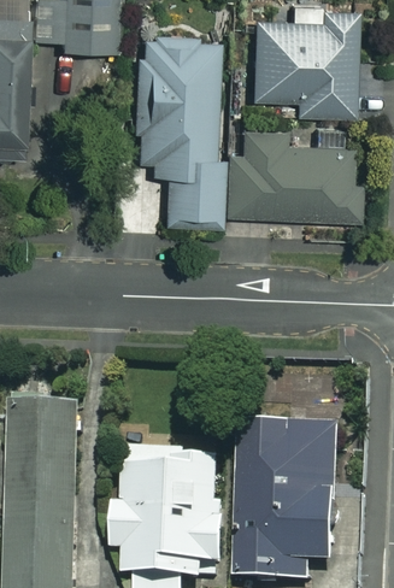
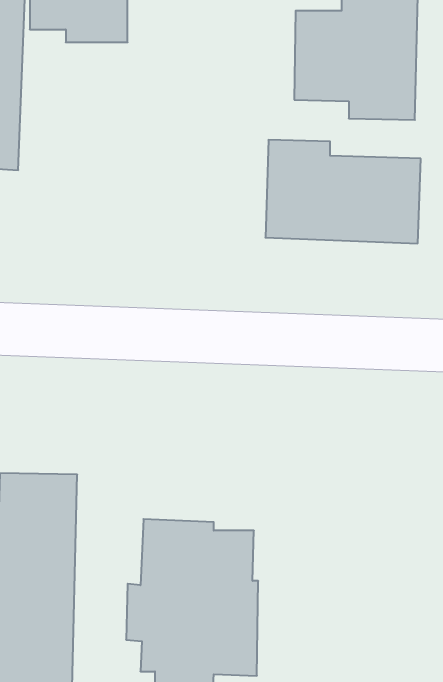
building: [135,33,224,228] -> none
building: [237,425,341,580] -> none

